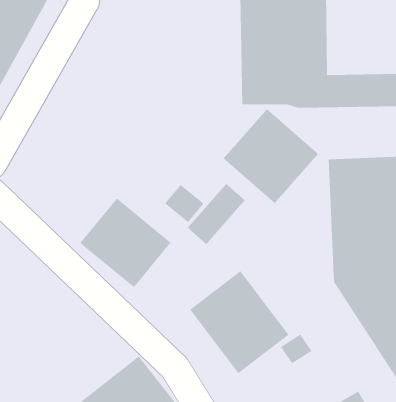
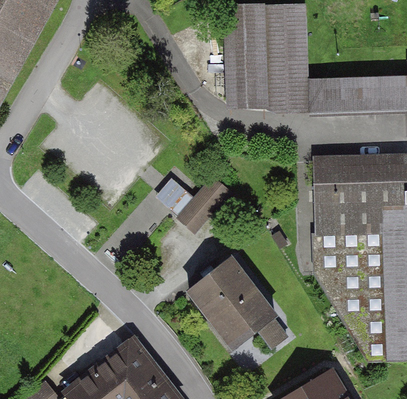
building: [223,108,319,204] -> none
building: [79,198,172,288] -> none

